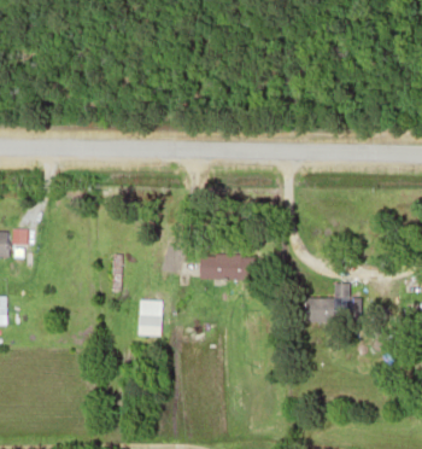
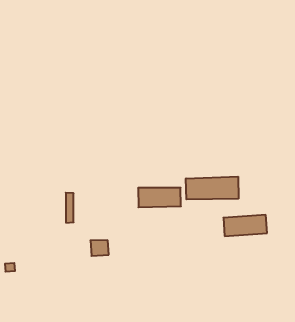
building: none -> [186,177,238,199]

